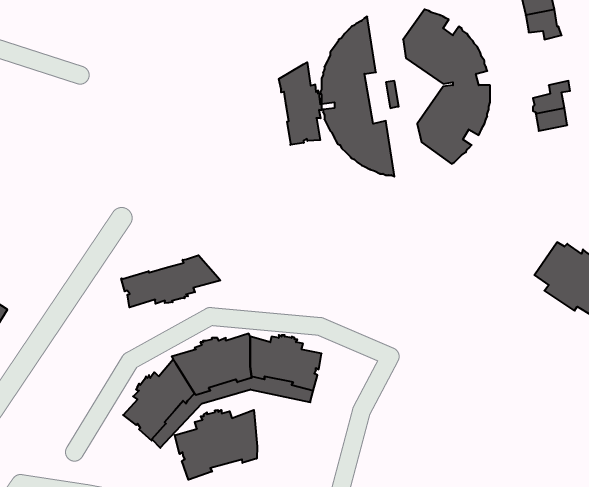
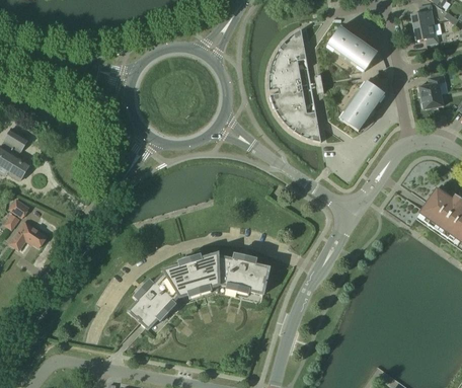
building: [279,62,322,145] -> none
building: [121,255,220,307] -> none
building: [175,410,257,480] -> none

